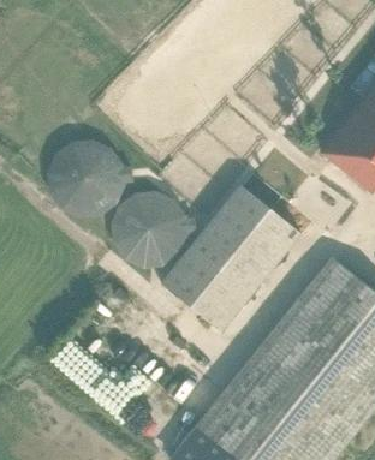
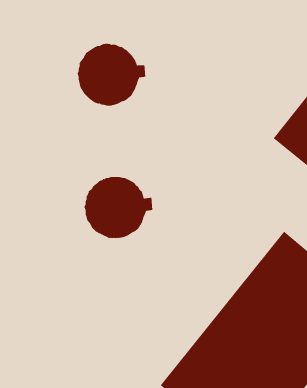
building: [47,144,124,214] -> [77,43,146,106]
building: [159,186,299,333] -> none

